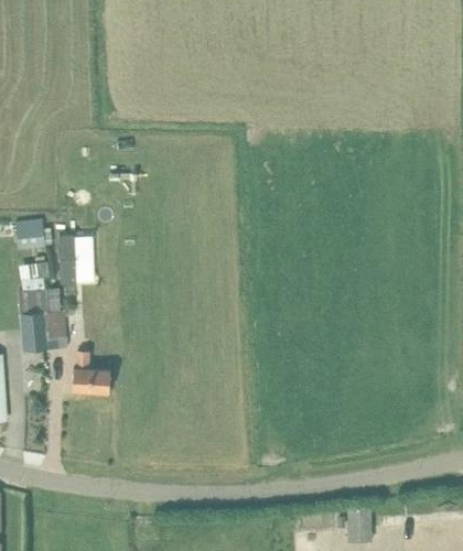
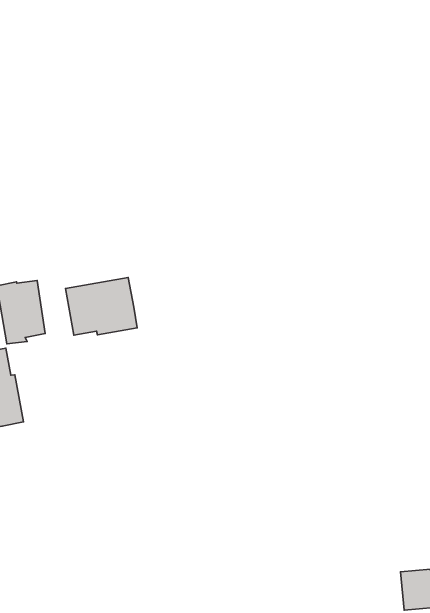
building: none -> [65,277,137,335]
building: [72,352,110,393] -> none

